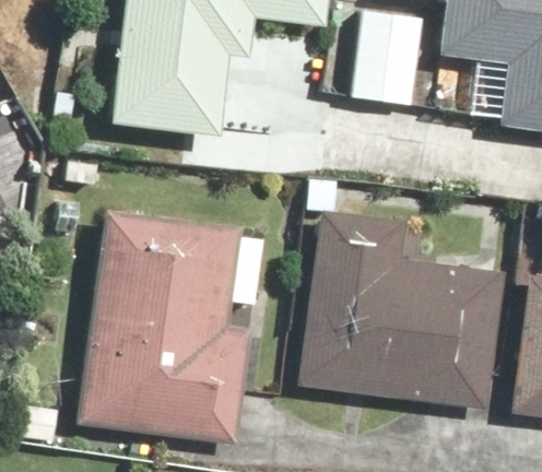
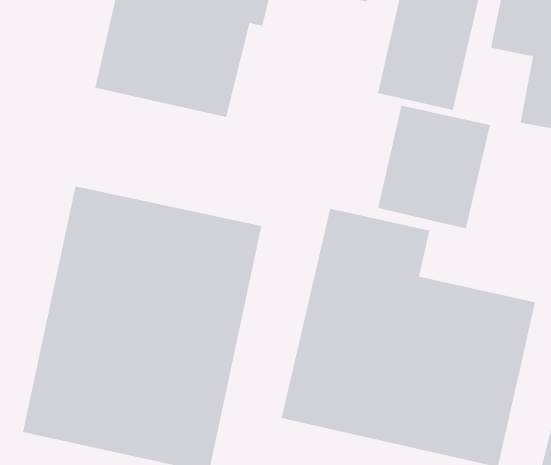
building: none -> [377,105,490,229]

